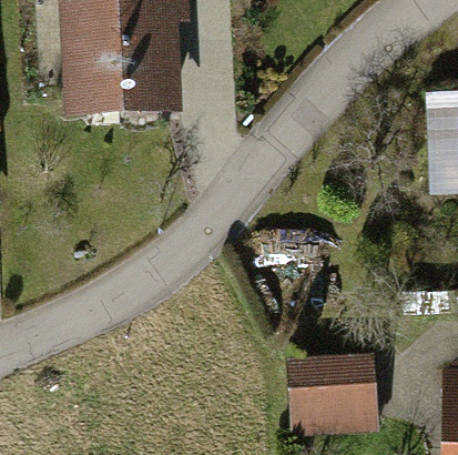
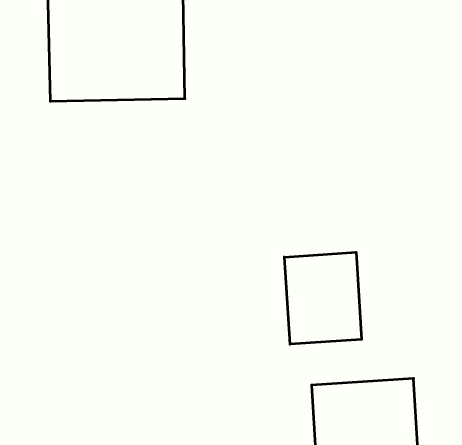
building: none -> [284,252,362,344]

